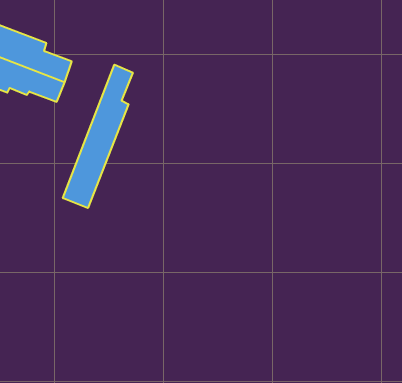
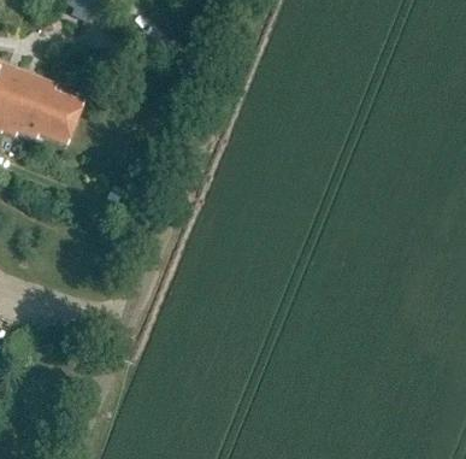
building: [63,65,133,208] -> none

